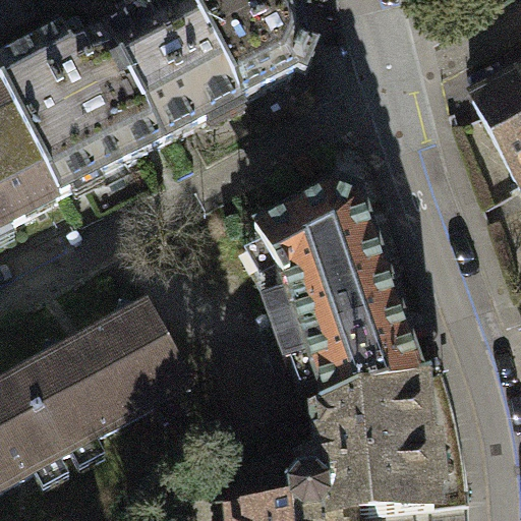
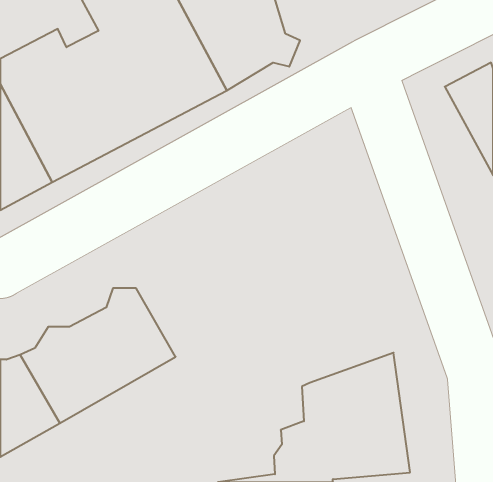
building: [255,191,415,404] -> none

